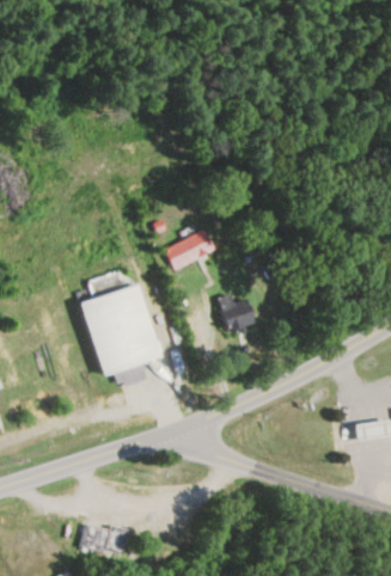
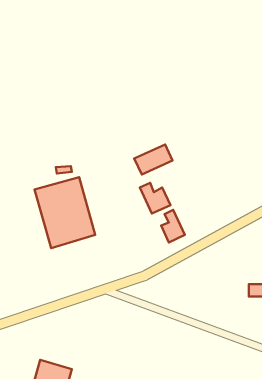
building: [165,231,214,269] -> [134,145,172,174]
building: none -> [161,210,185,242]

